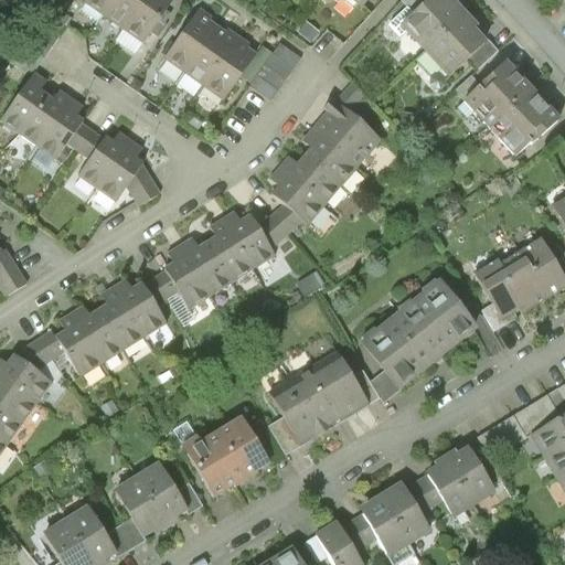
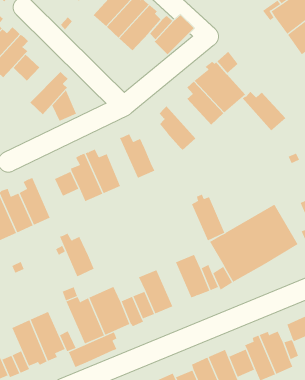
building: [77,131,130,186] -> none
building: [278,153,341,204] -> [242,91,286,131]
building: [257,203,305,248] -> none
building: [207,217,253,281] -> none
building: [113,279,166,337] -> [59,233,95,277]
building: [295,371,345,433] -> [191,194,225,241]
building: none -> [68,332,117,368]

